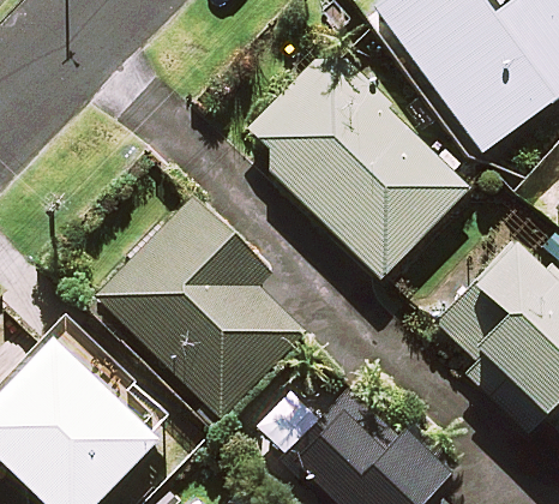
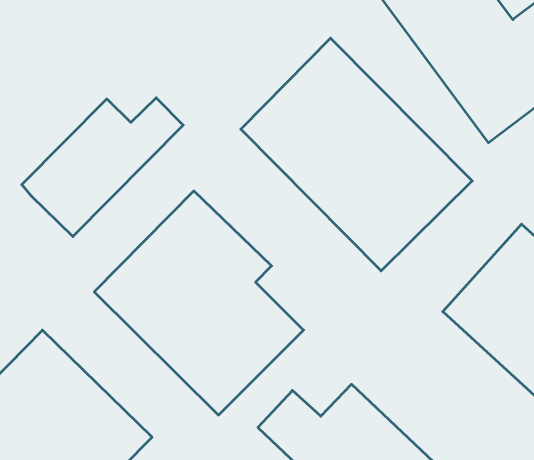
building: none -> [22,98,183,237]

